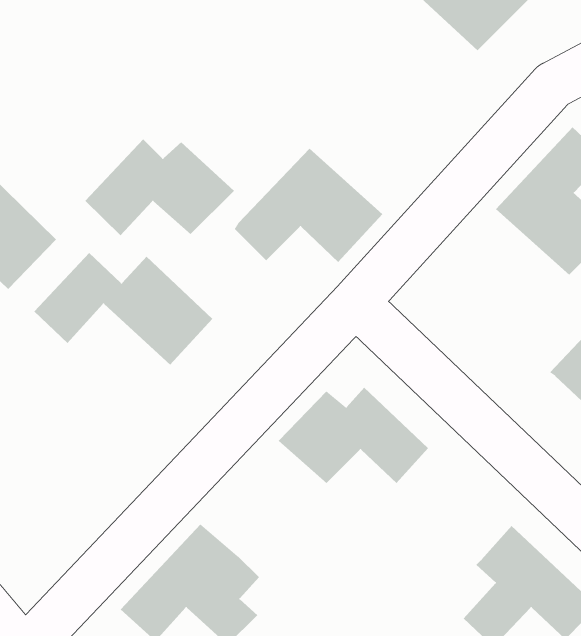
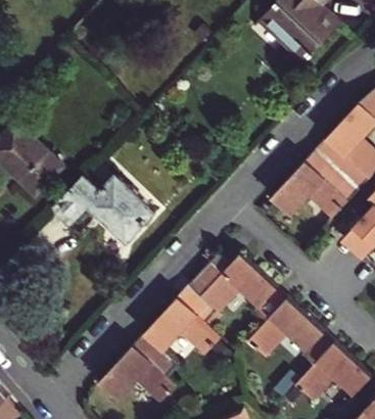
building: [84,139,235,236] -> none
building: [234,148,383,263] -> [271,151,356,217]
building: none -> [146,283,222,352]
building: none -> [247,287,323,356]

